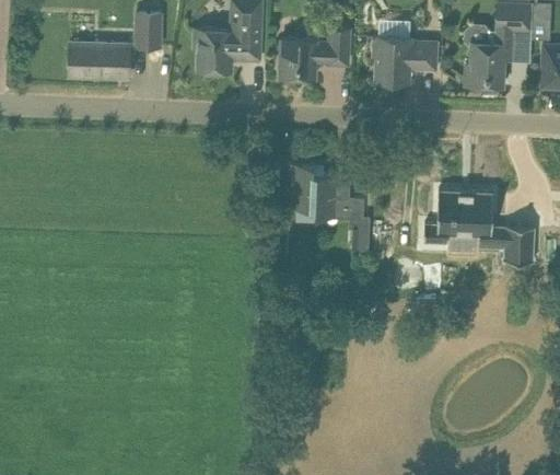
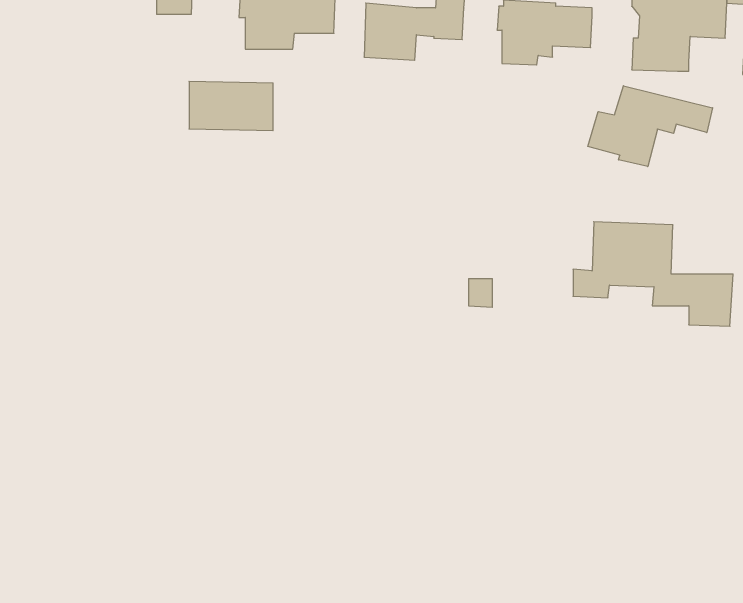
building: [70,45,128,79] -> [189,81,273,131]
building: none -> [588,86,713,167]
building: [291,166,364,221] -> none

